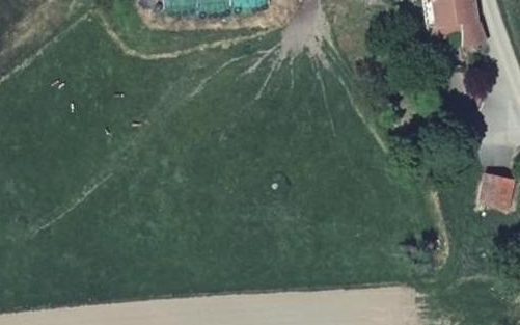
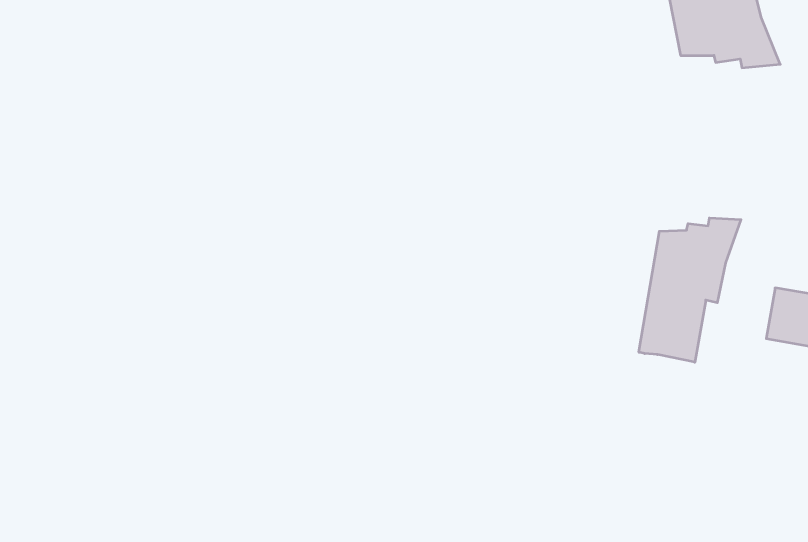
building: none -> [639,218,741,362]

